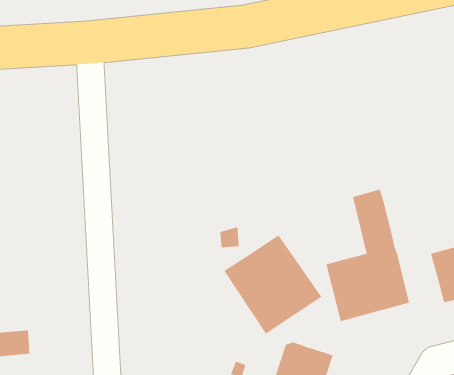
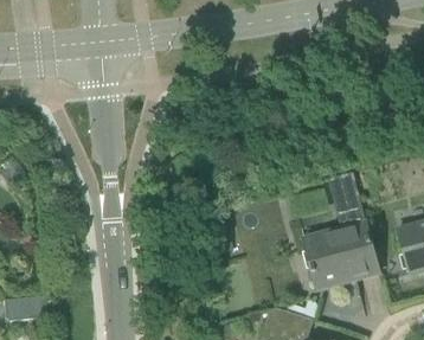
building: [224,234,322,335] -> none

